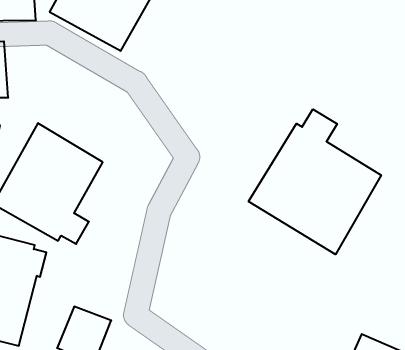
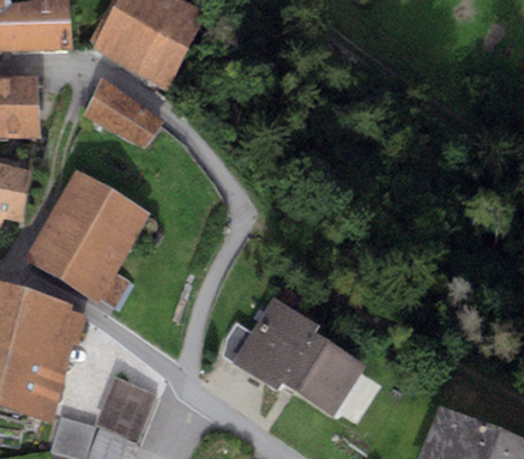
building: none -> [84,80,163,146]
building: [249,109,381,254] -> none
building: none -> [234,298,366,415]

